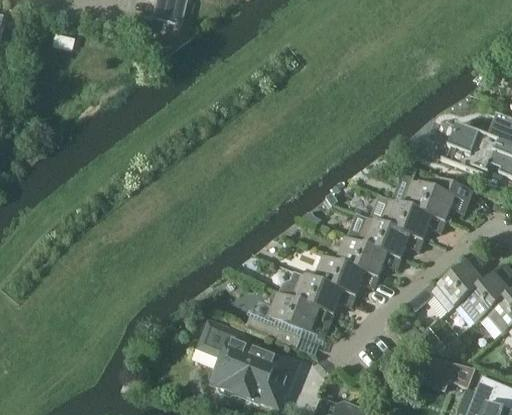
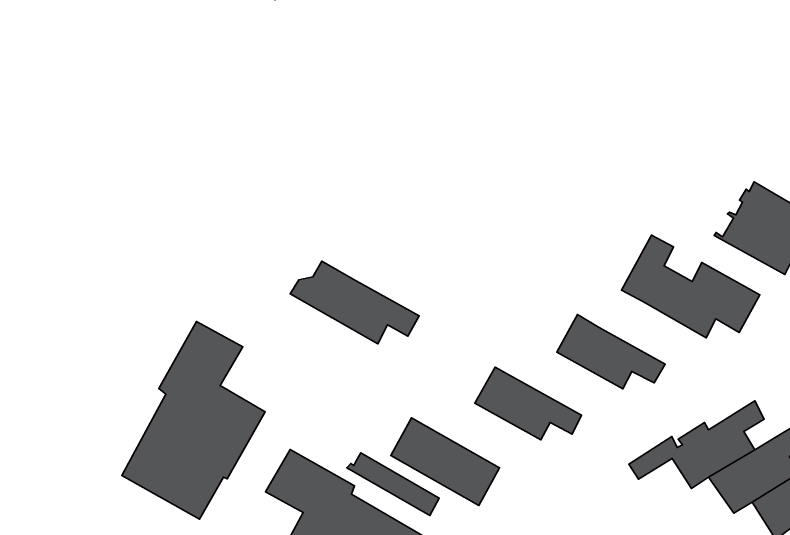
building: [381,199,445,239] -> none
building: [336,236,400,276] -> none
building: none -> [122,321,265,519]
building: [278,270,356,314] -> [290,261,419,344]

